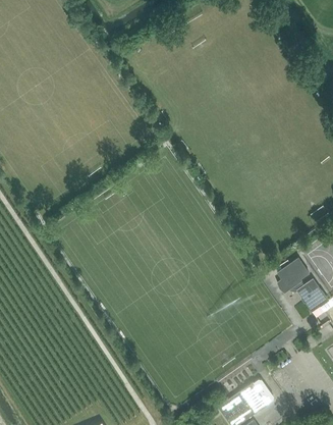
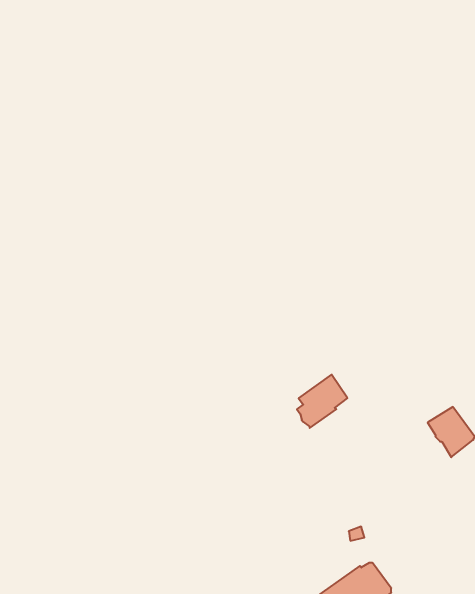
building: [277,259,310,294] -> [297,375,347,428]

